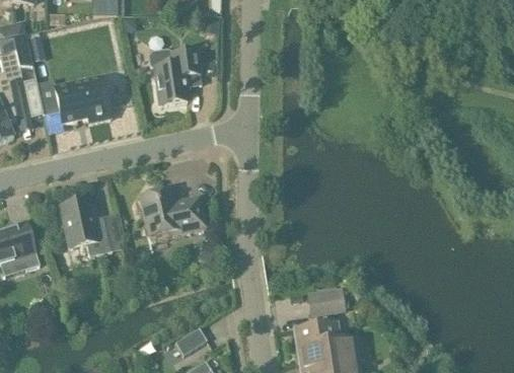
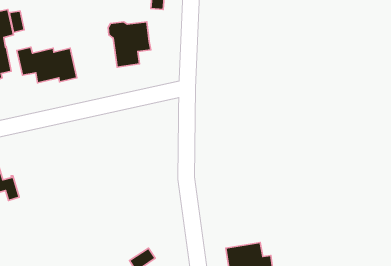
building: [139,189,206,235] -> none
building: [59,199,112,254] -> none
building: [306,286,345,315] -> none

